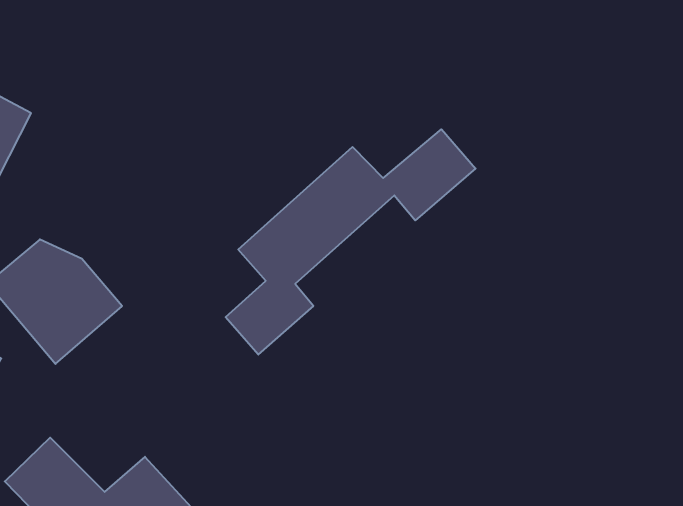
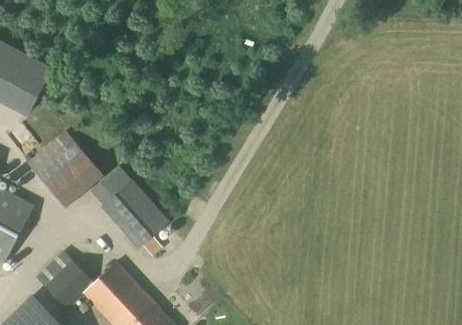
building: [226,129,476,355] -> none
building: none -> [90,171,170,249]

